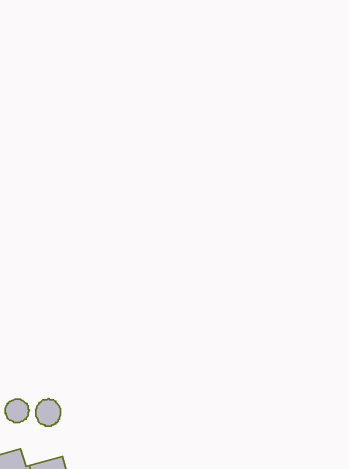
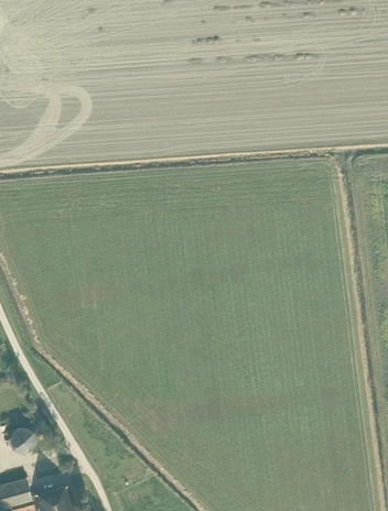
building: [36,399,61,426] -> none

